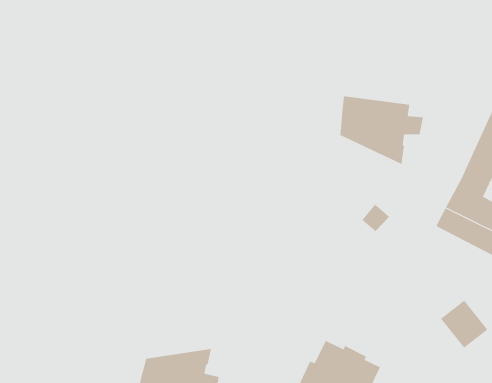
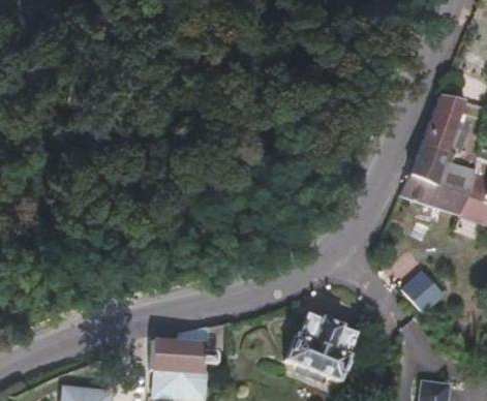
building: [340,95,423,165] -> none

